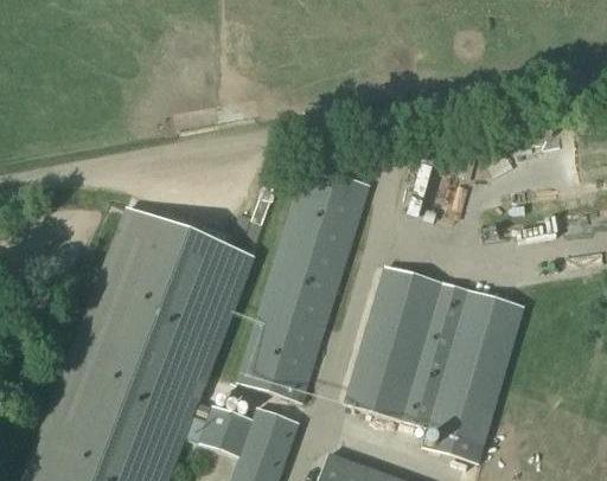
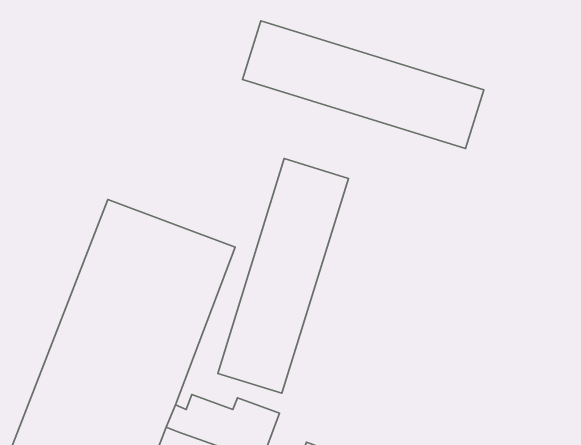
building: none -> [242,21,484,149]
building: [345,265,523,447] -> none

